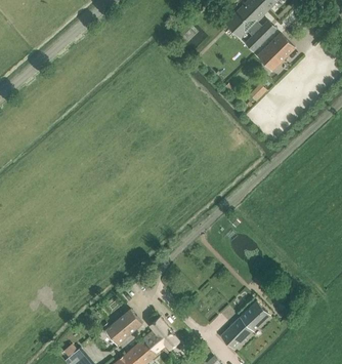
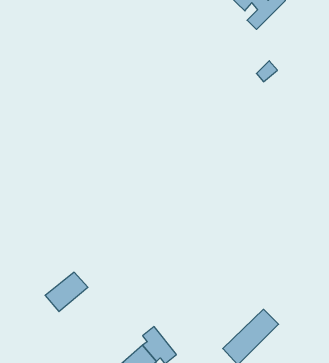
building: [258,34,294,70] -> none
building: [104,310,142,345] -> [45,272,88,312]

